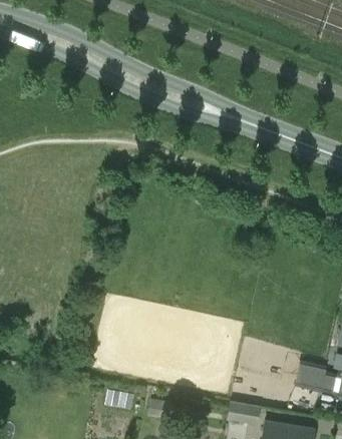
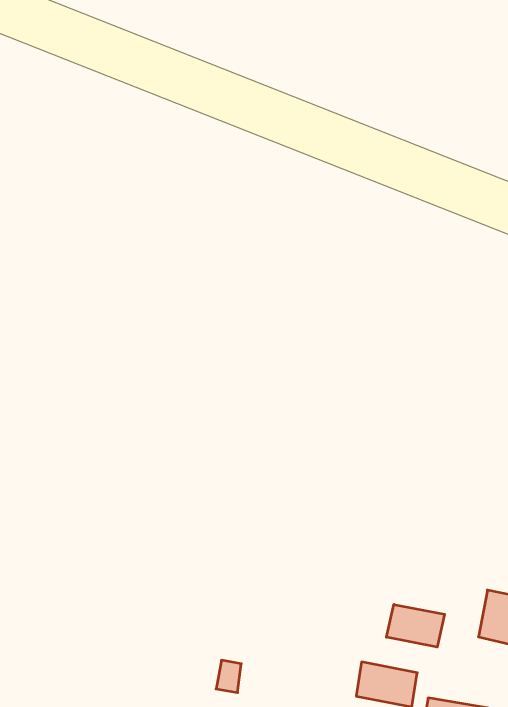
building: none -> [386,604,445,647]

